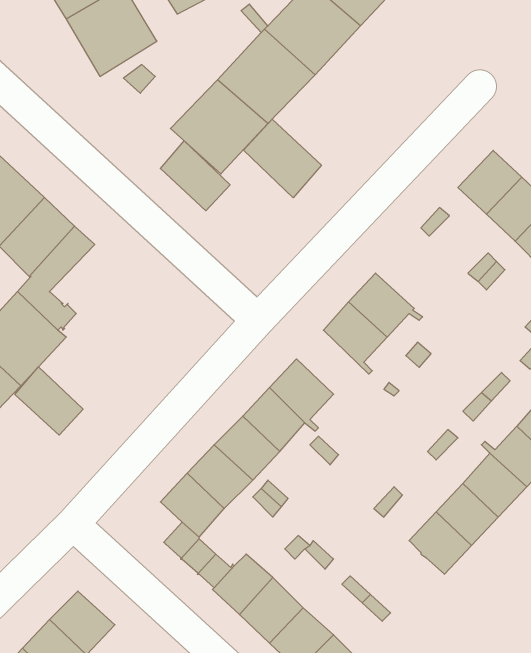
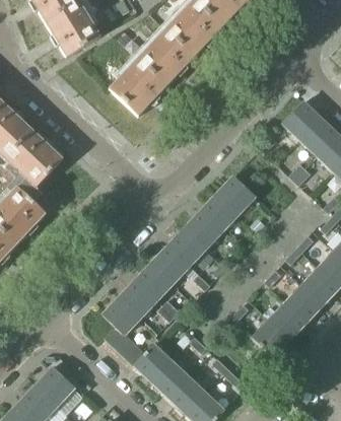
building: [244,119,321,198] -> none
building: [160,141,230,211] -> none
building: none -> [184,210,227,249]
building: [15,367,83,435] -> none

